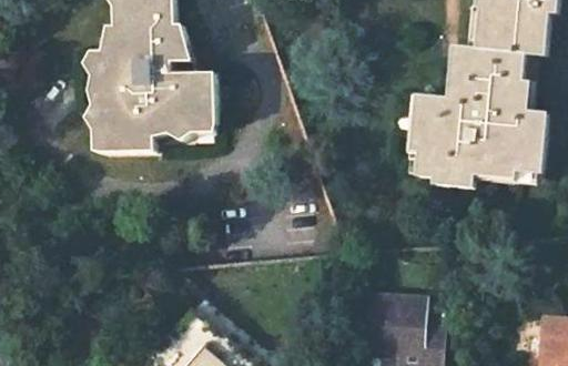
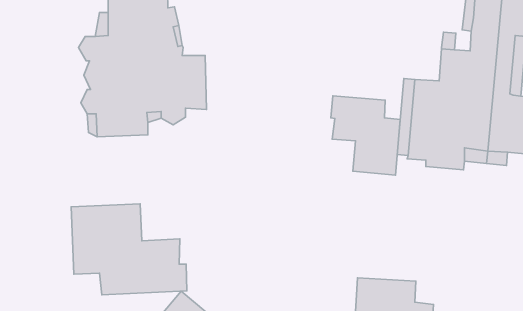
building: none -> [331,96,400,175]
building: none -> [71,204,187,295]

